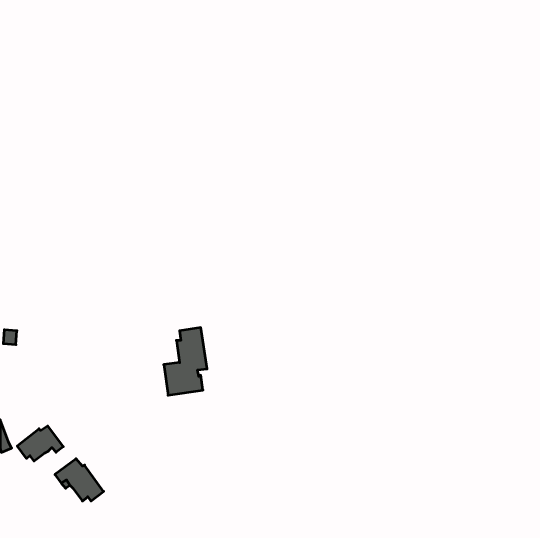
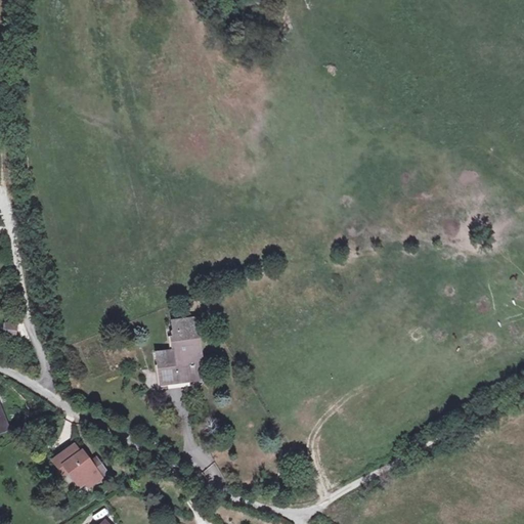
building: [17,426,63,461] -> none

